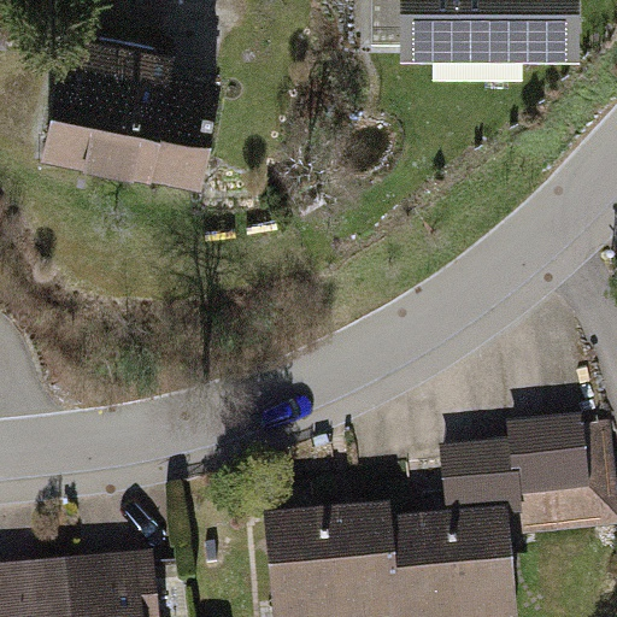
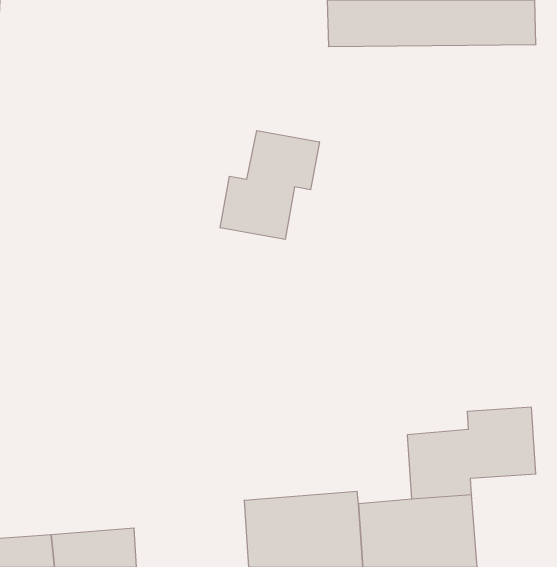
building: [40,36,224,192] -> none
building: none -> [220,131,319,239]

